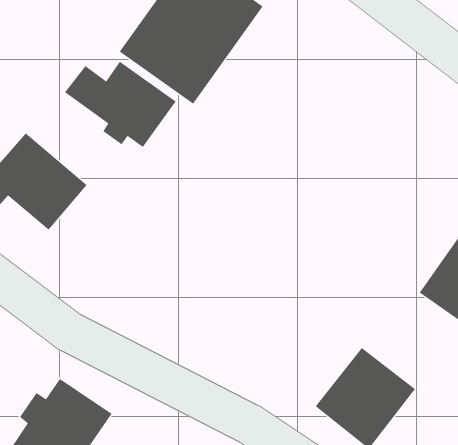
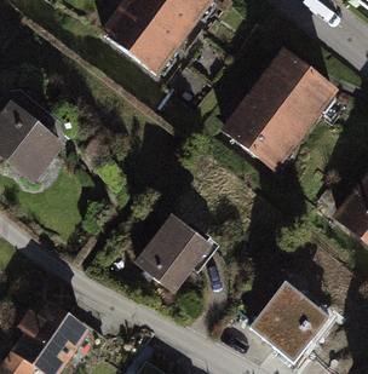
building: [64,61,177,148] -> none
building: none -> [223,58,335,176]
building: none -> [137,209,211,286]

